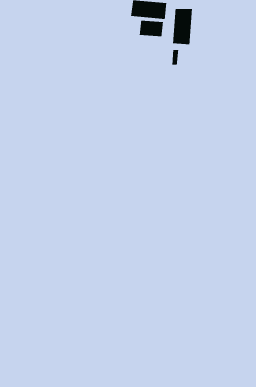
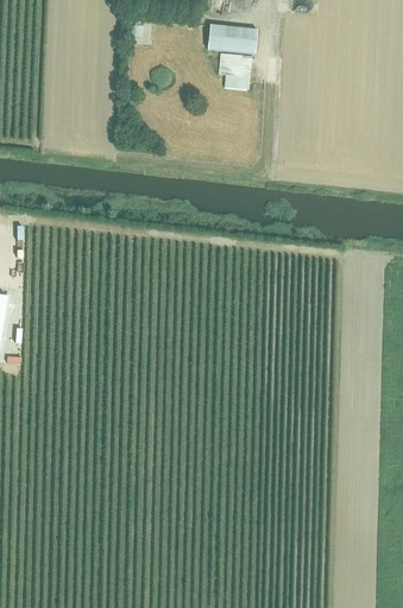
building: [172,8,193,45] -> none

